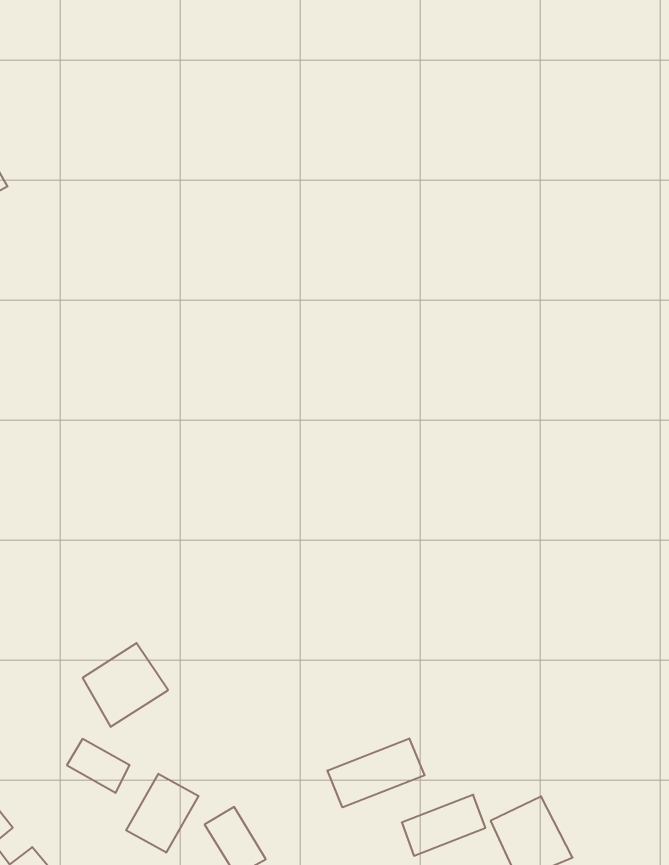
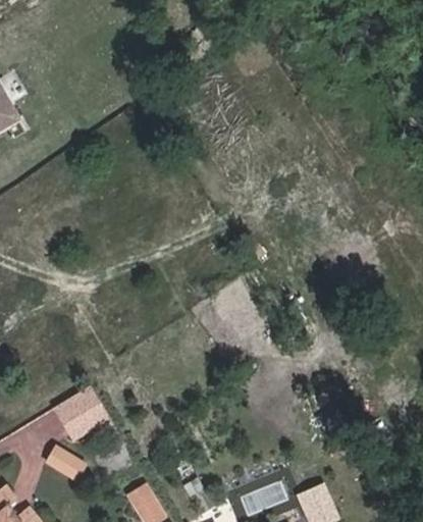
building: [327,738,425,807] -> none
building: [126,774,199,853] -> none

